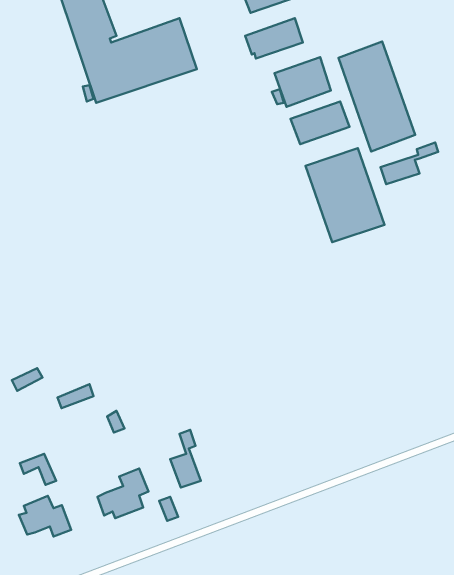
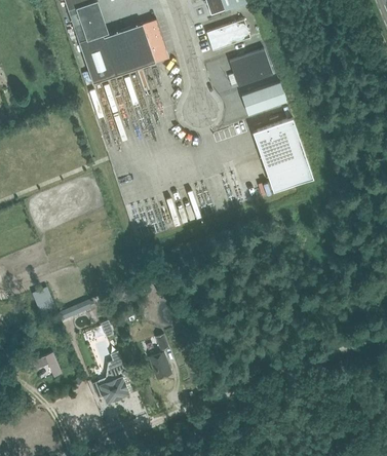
building: [338,41,415,151] -> none
building: [380,143,438,184] -> none
building: [19,496,71,537] -> none

